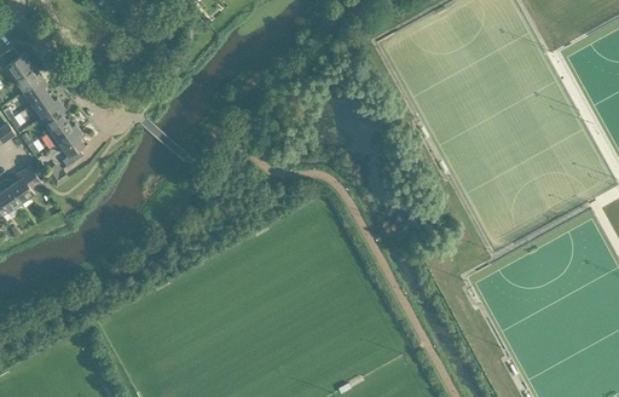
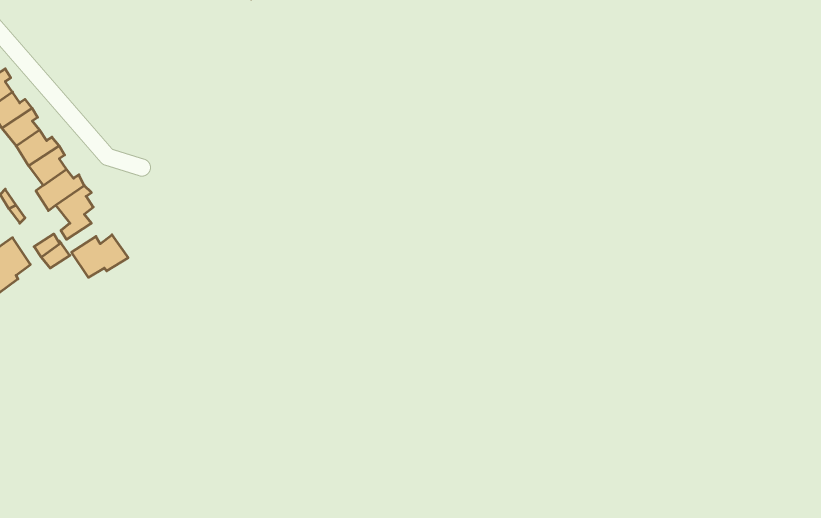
building: none -> [72,235,128,277]

